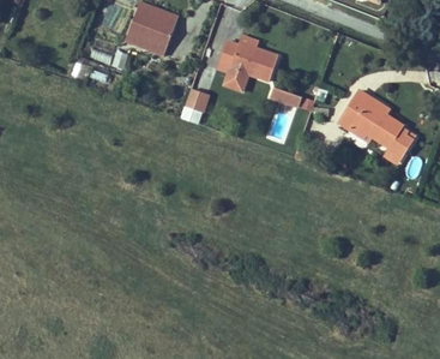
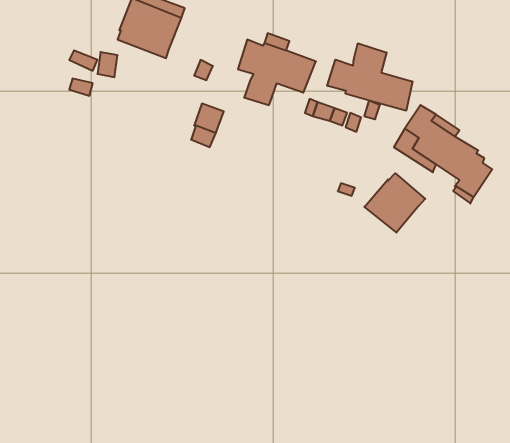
building: none -> [327,43,412,111]
building: none -> [364,173,425,233]

